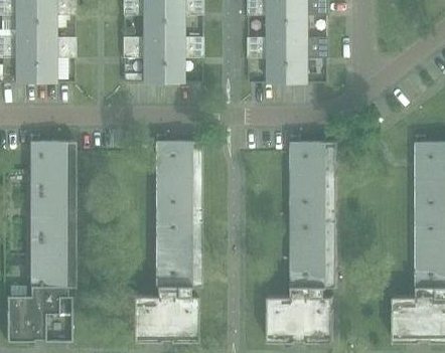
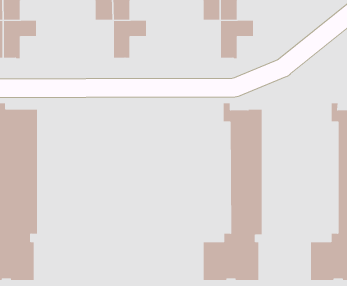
building: [121,37,160,82] -> none
building: [246,37,285,81] -> none
building: [129,134,198,341] -> none

